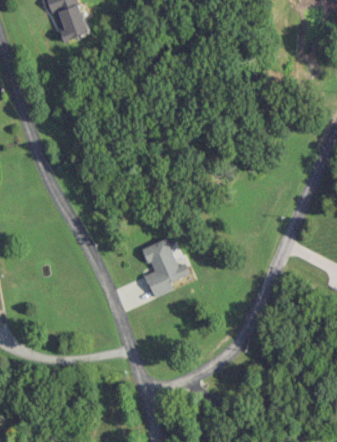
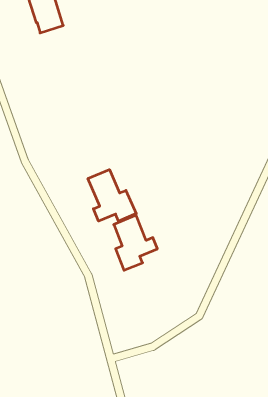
building: none -> [88,170,136,221]

